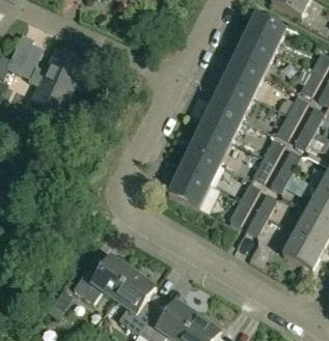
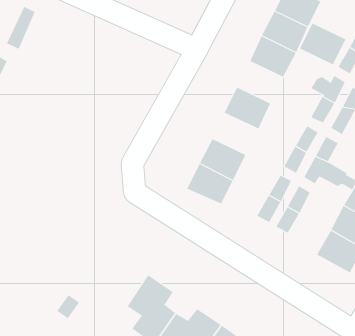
building: [27,49,84,112] -> none
building: [211,82,252,119] -> [299,23,346,65]
building: [189,127,230,165] -> none
building: [73,256,132,302] -> none

